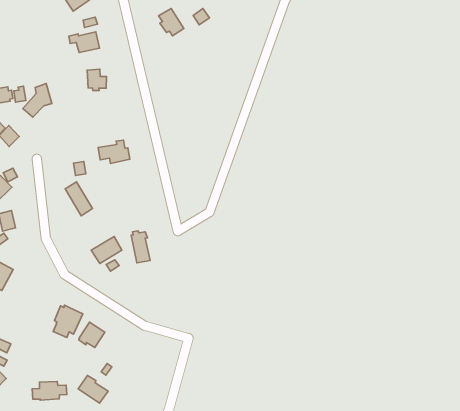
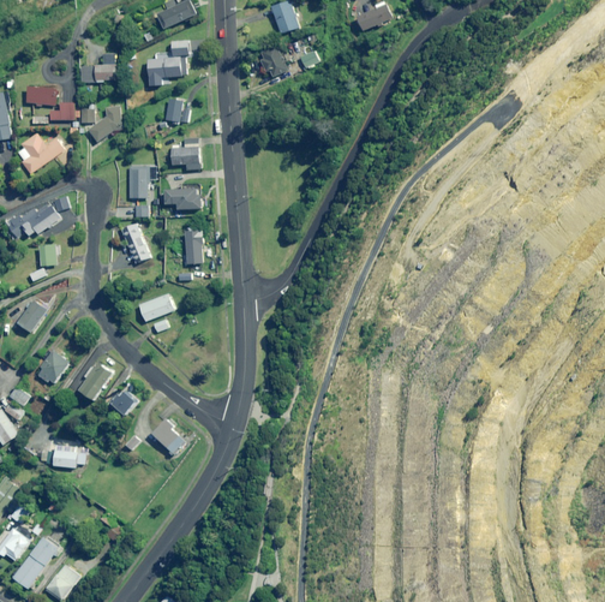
building: none -> [80,54,119,82]
building: none -> [170,137,198,169]
building: none -> [128,166,155,197]
building: [131,231,150,263] -> [185,227,203,263]
building: none -> [38,350,68,382]
building: [78,376,108,403] -> [152,419,186,453]

